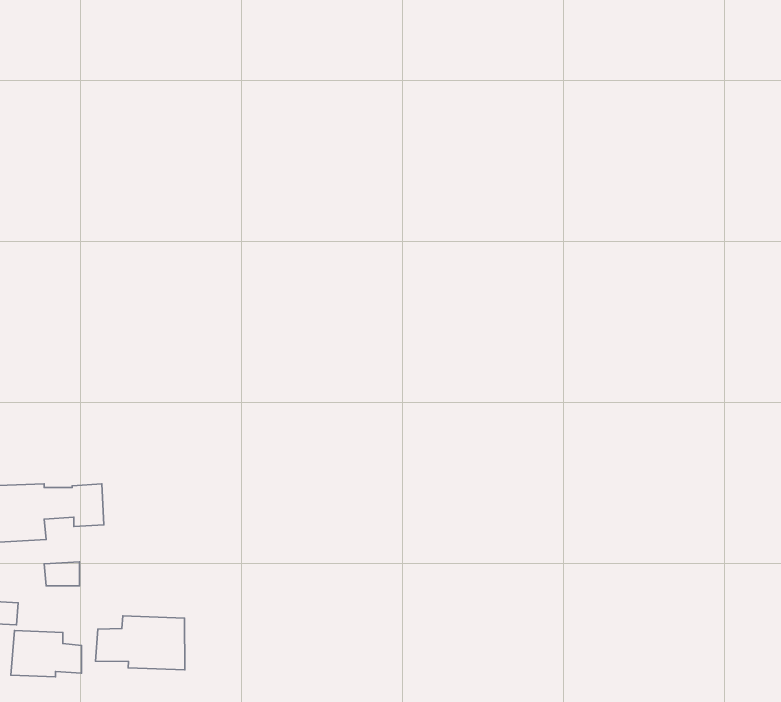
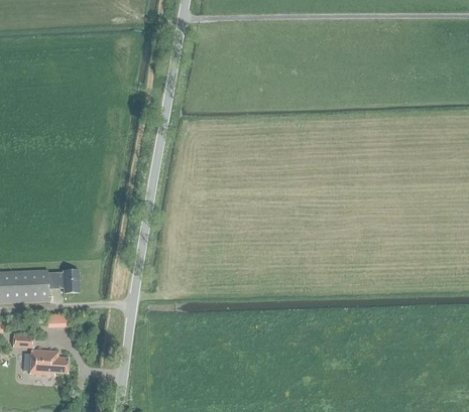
building: [95,616,185,670] -> none

